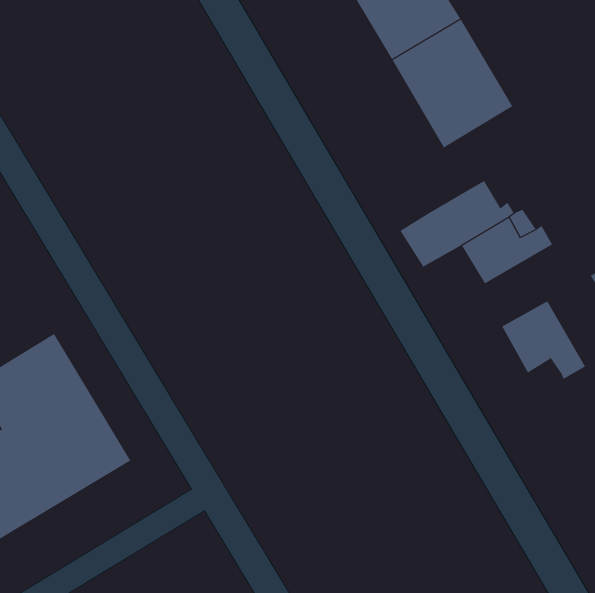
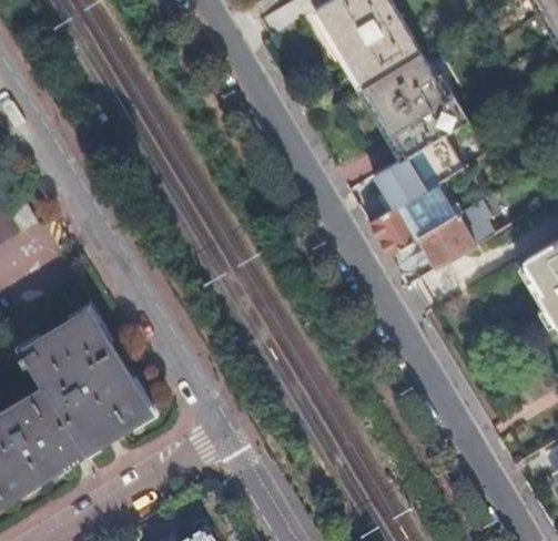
building: none -> [372,155,444,210]
building: [501,301,586,380] -> none

